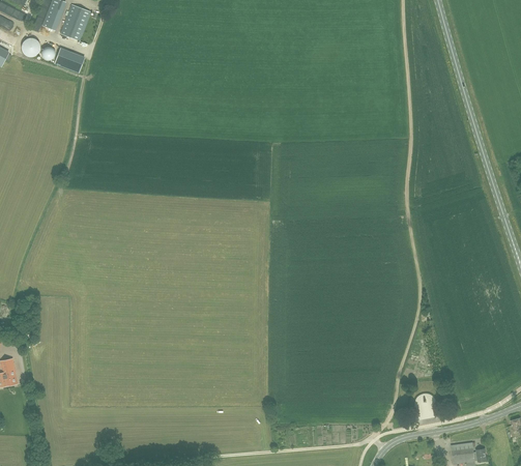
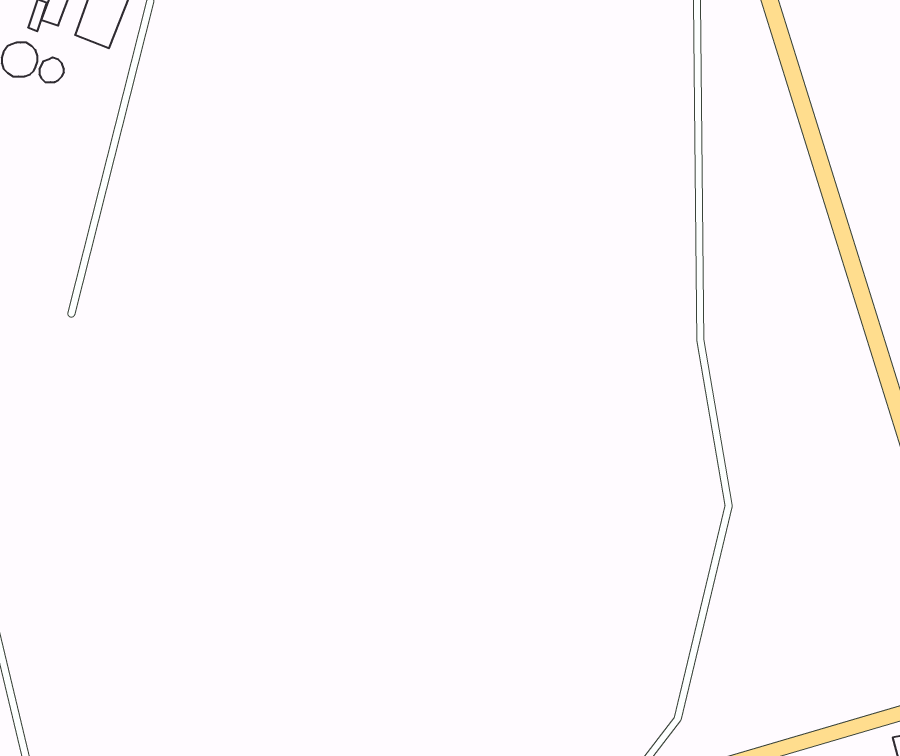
building: [54,48,84,71] -> none

